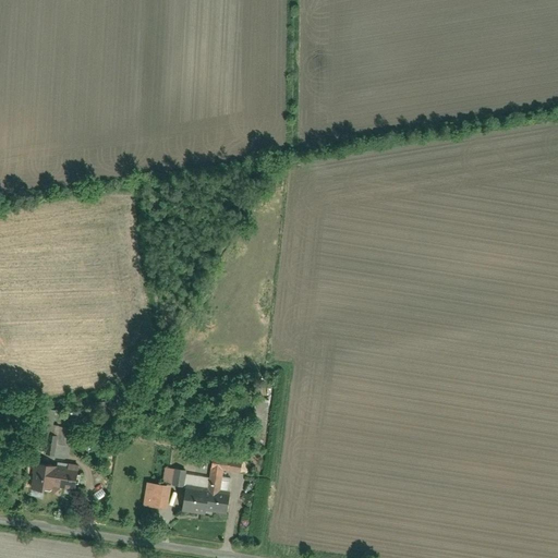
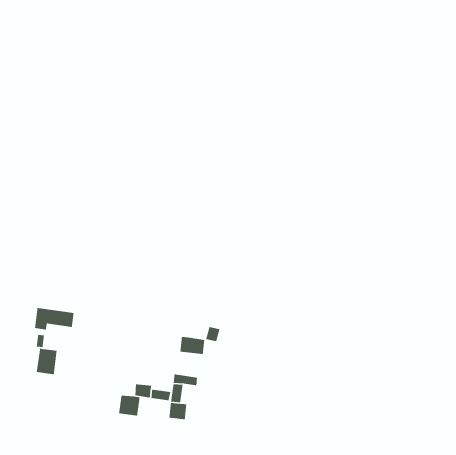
building: none -> [179,336,205,355]
building: [29,464,78,493] -> [34,307,74,330]
building: [182,489,207,513] -> none

